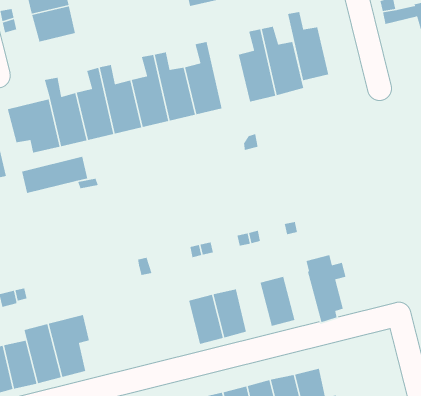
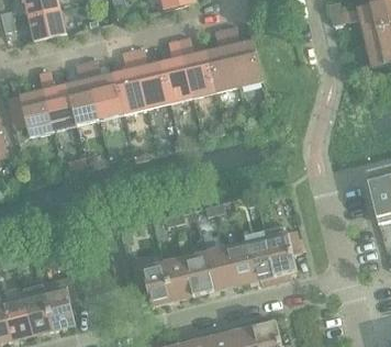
building: [287,11,329,81] -> [179,37,215,98]
building: [21,156,88,194] -> none
building: none -> [245,237,277,286]
building: none -> [204,247,234,290]
building: none -> [131,254,172,305]

